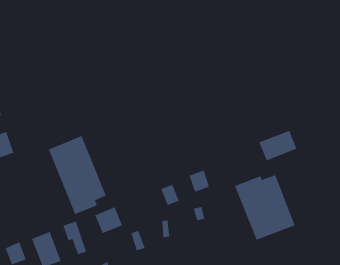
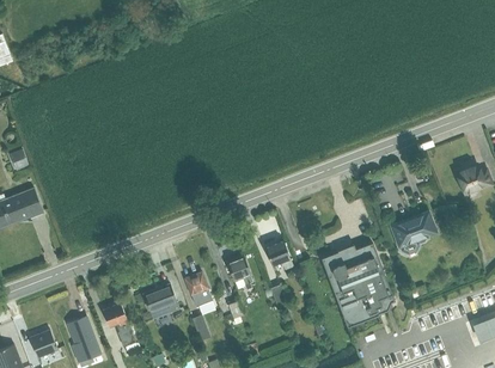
building: [259,130,297,161] -> [389,209,438,249]
building: [48,135,107,215] -> none
building: none -> [184,271,212,306]

